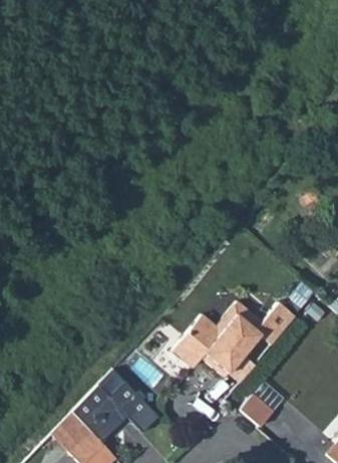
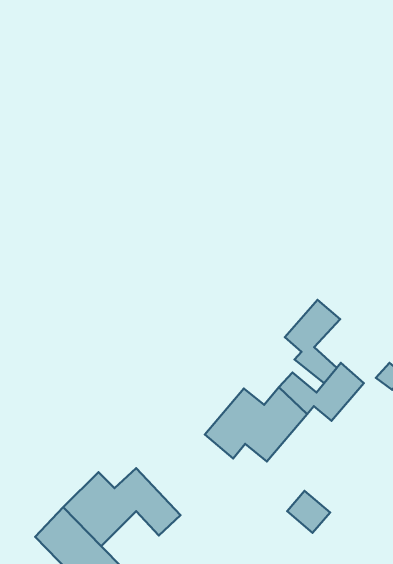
building: none -> [285,300,340,383]

